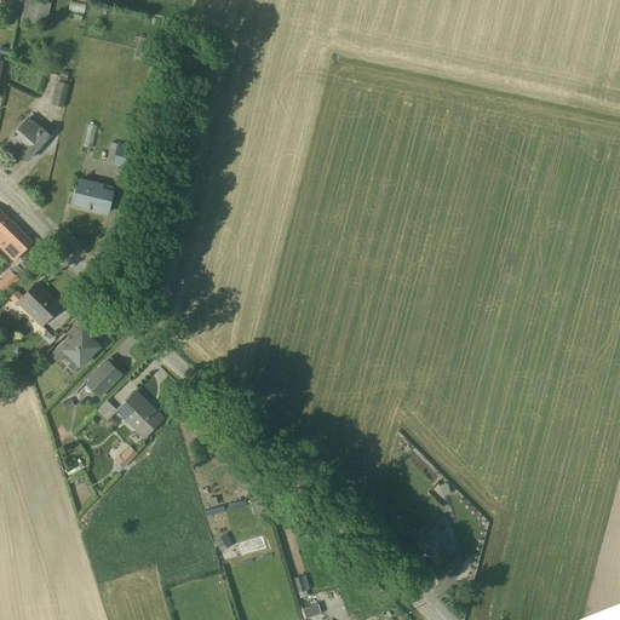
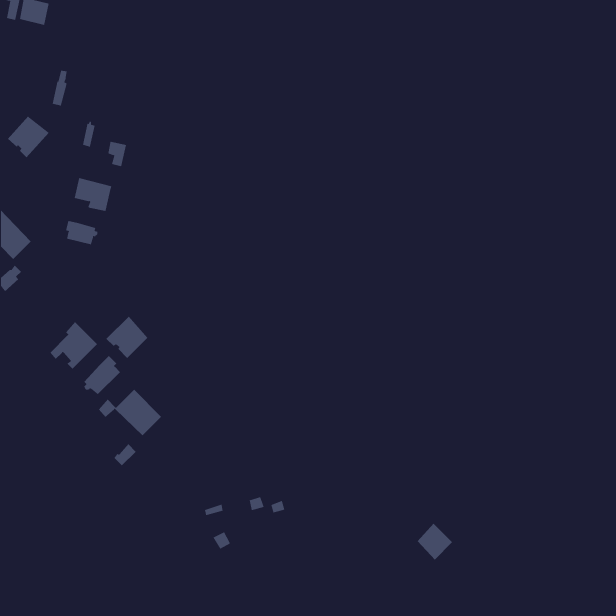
building: none -> [66,220,98,245]
building: [17,282,61,326] -> none
building: none -> [106,316,148,359]

